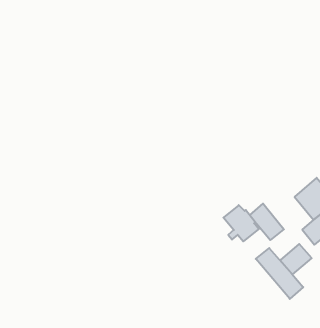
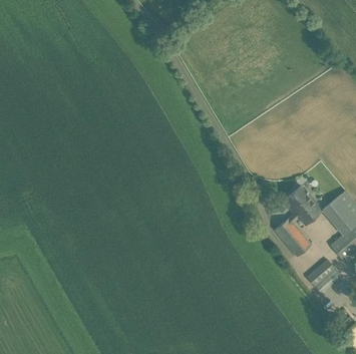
building: [223,205,259,241] -> [283,186,320,224]
building: [256,248,303,299] -> none

